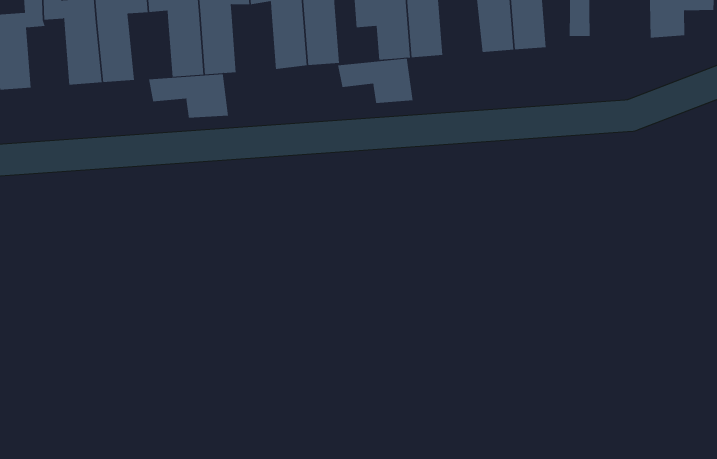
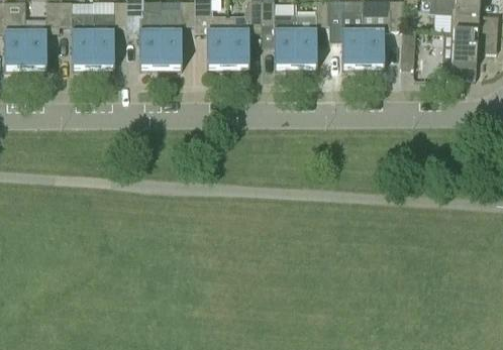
building: [337,58,413,104] -> none
building: [148,73,229,119] -> none

